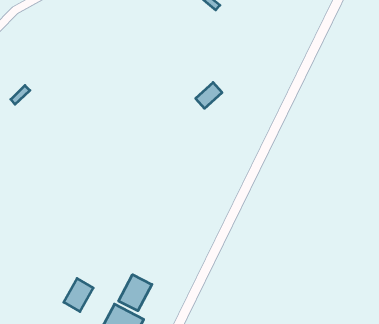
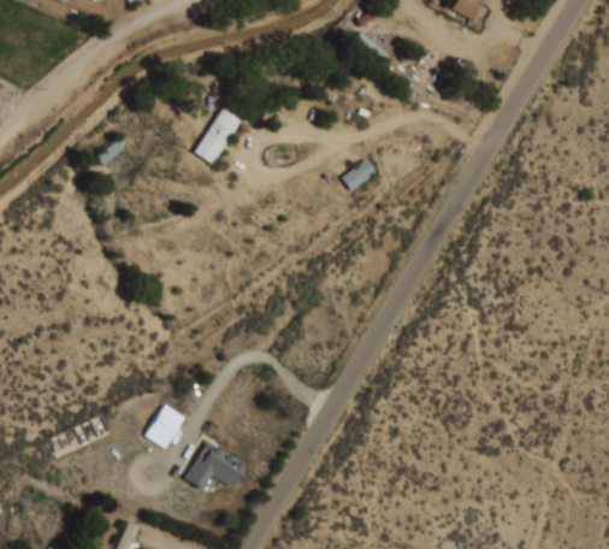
building: none -> [194,107,241,163]
building: [119,275,152,311] -> none

